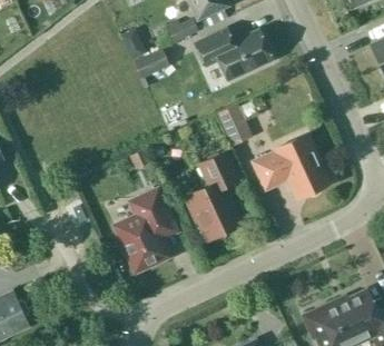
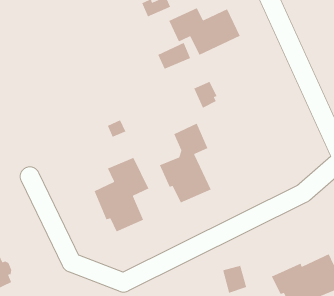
building: [131,47,168,77] -> [157,42,191,70]
building: [253,134,328,197] -> none

